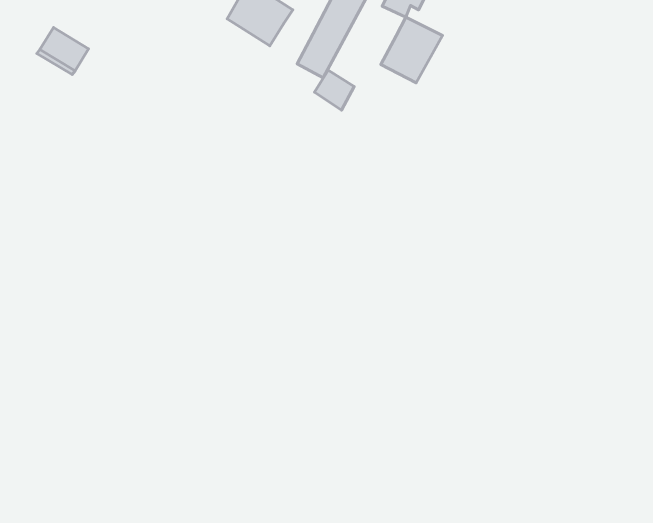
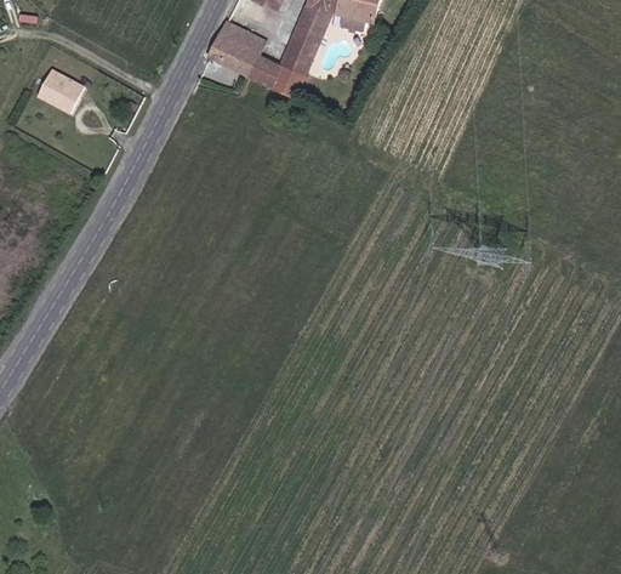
building: [381,17,443,83] -> none
building: [314,70,354,110] -> [245,51,280,86]

